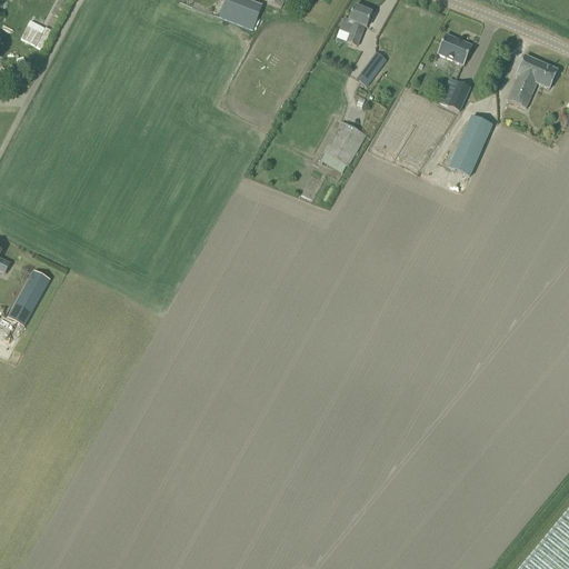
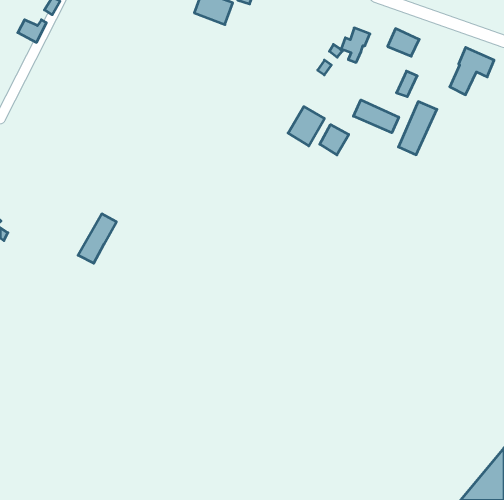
building: [339,4,371,43] -> [341,28,370,62]
building: none -> [353,100,399,133]
building: none -> [320,125,349,155]
building: [7,269,50,325] -> [78,214,116,263]

